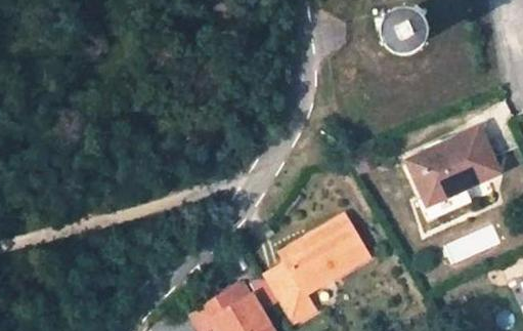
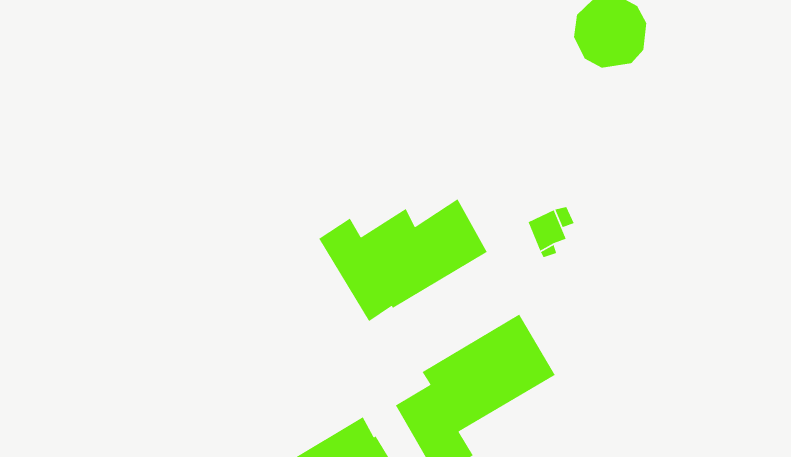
building: [408,125,499,220] -> none
building: none -> [318,198,488,322]

